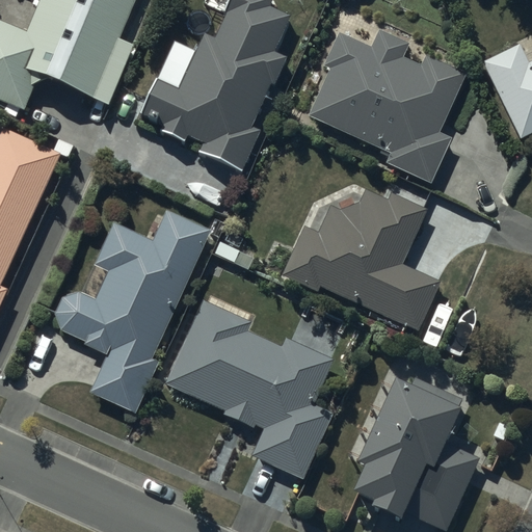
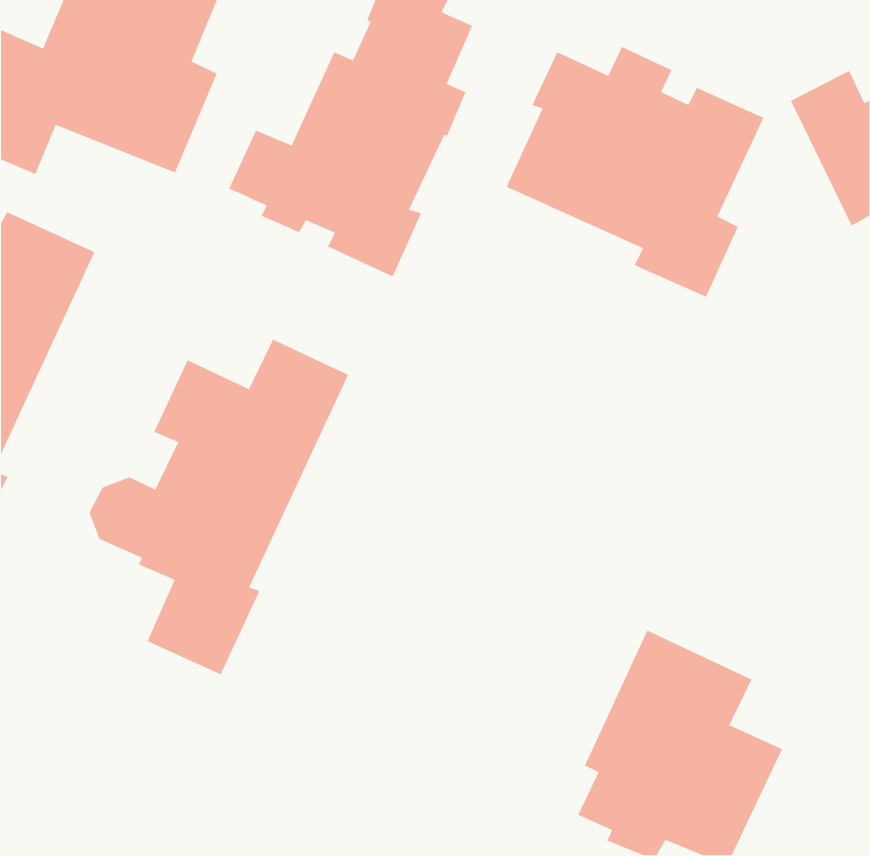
building: [281,188,441,330] -> none
building: [165,299,334,480] -> none

